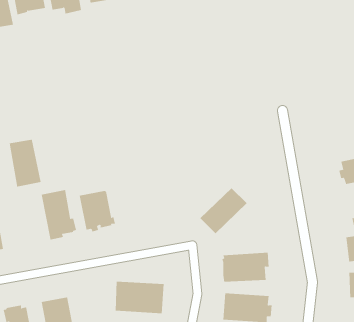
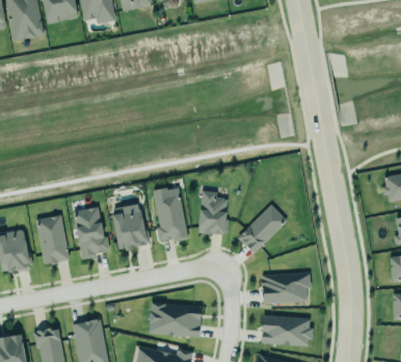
building: [9,139,42,187] -> [37,215,72,265]
building: none -> [197,189,228,234]
building: none -> [154,190,188,241]

